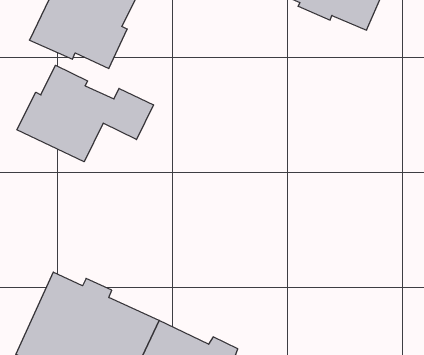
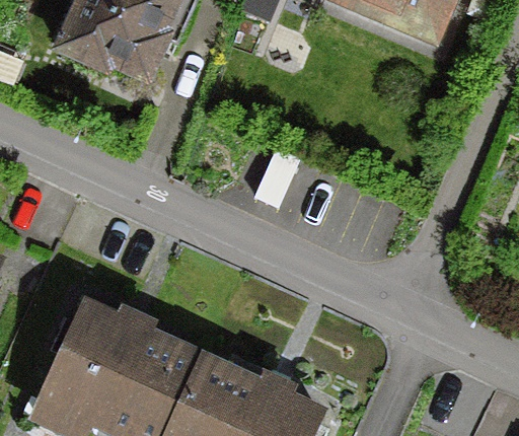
building: [17,65,153,162] -> none

